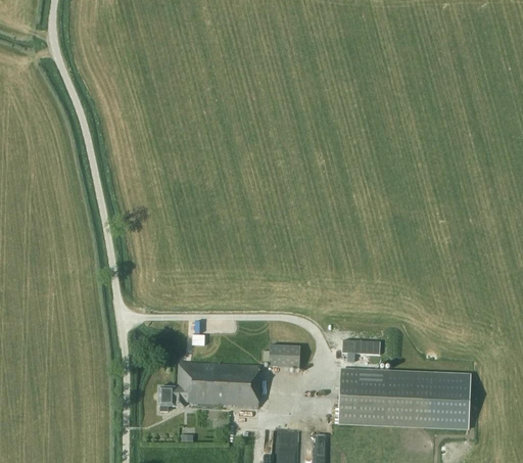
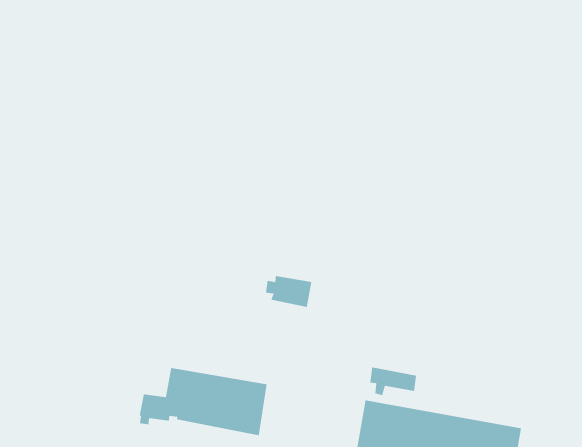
building: [264,345,300,368] -> [265,275,312,307]

